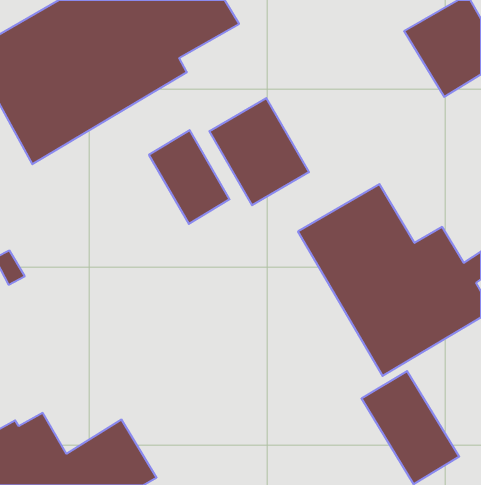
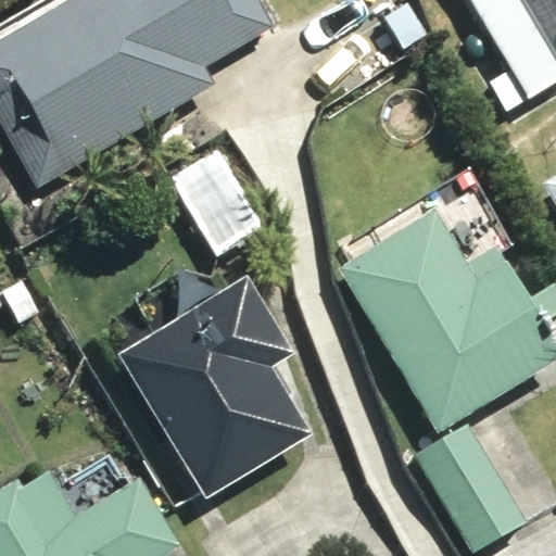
building: [209,98,309,205] -> none
building: none -> [119,276,312,498]

